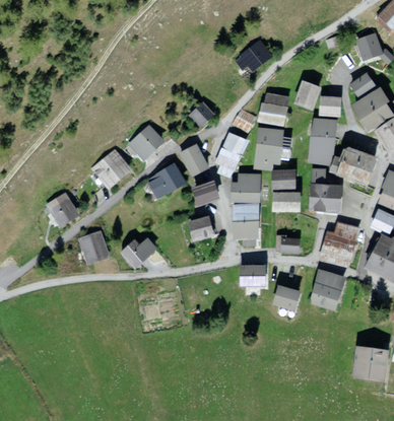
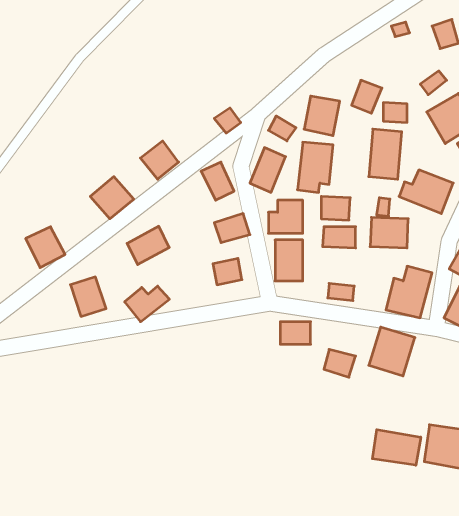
building: [241,41,272,70] -> none
building: [150,165,183,195] -> [127,226,169,265]
building: none -> [372,430,421,465]

